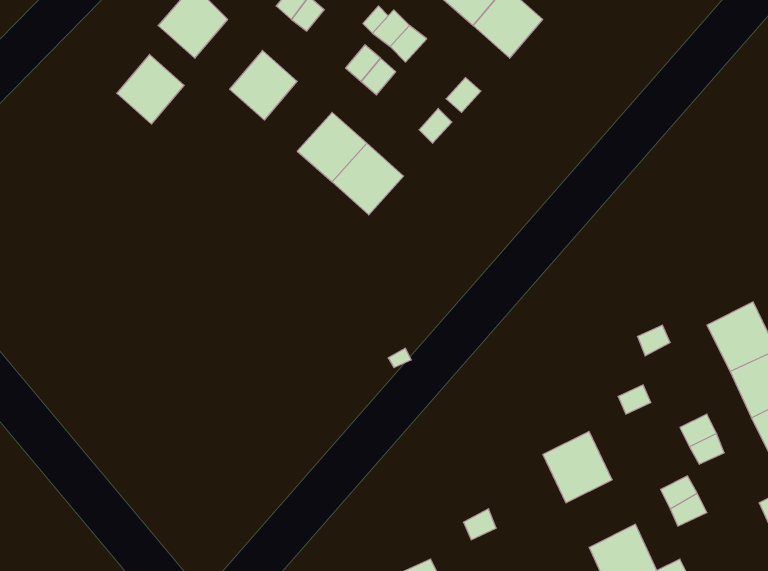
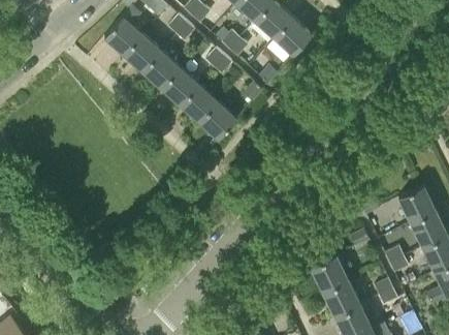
building: [117,54,184,124] -> [125,34,161,71]
building: none -> [162,67,198,104]
building: none -> [323,280,360,316]

